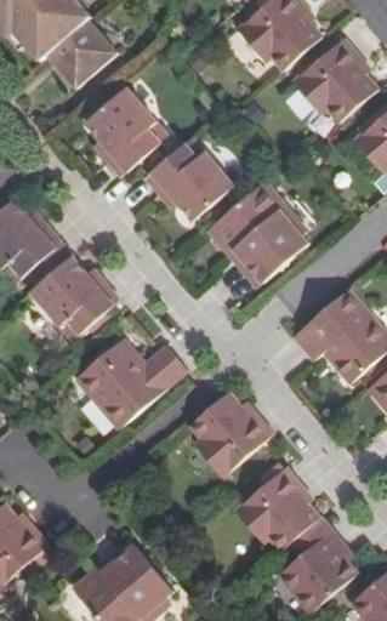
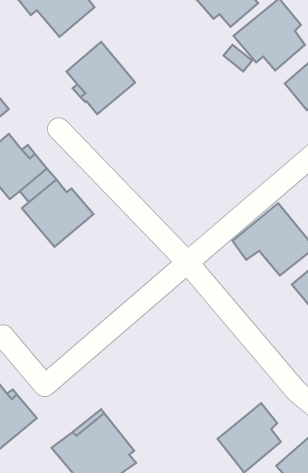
building: [148,135,237,216] -> none
building: [214,176,314,284] -> none
building: [75,338,189,428] -> none
building: [189,392,273,475] -> none
building: [231,468,315,553] -> none

